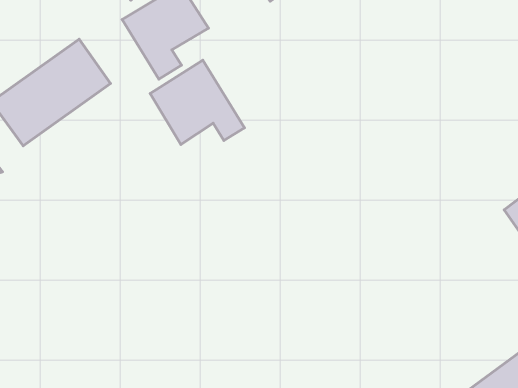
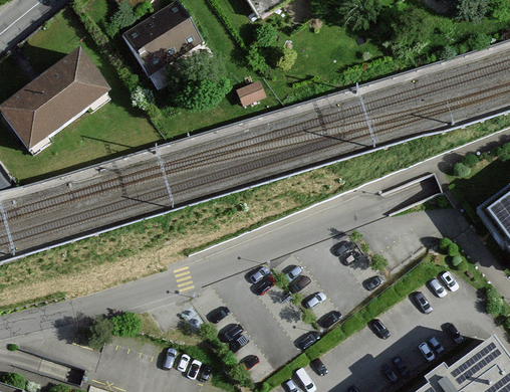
building: [150,60,244,144] -> none

